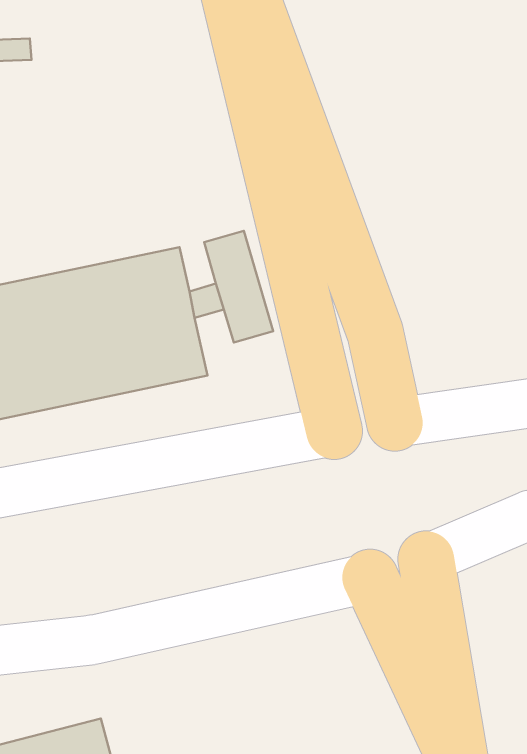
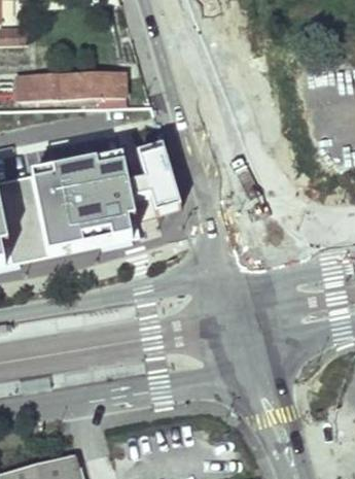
building: none -> [21,72,127,104]

